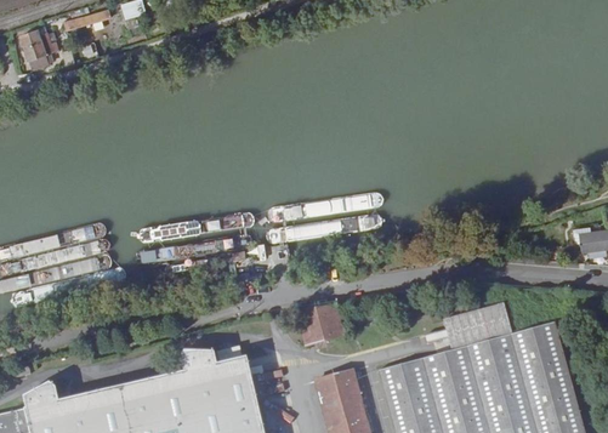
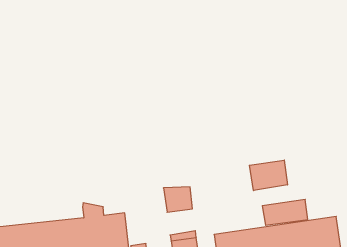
building: none -> [249,160,287,191]

